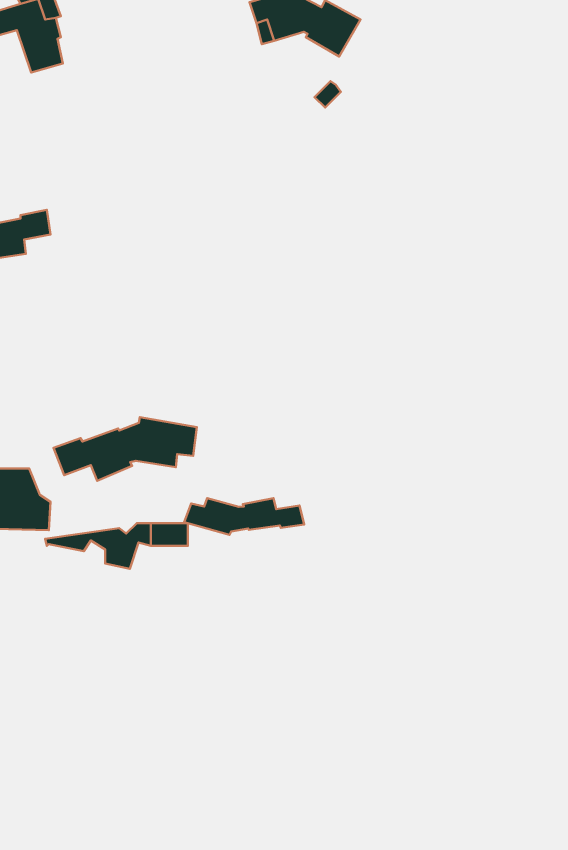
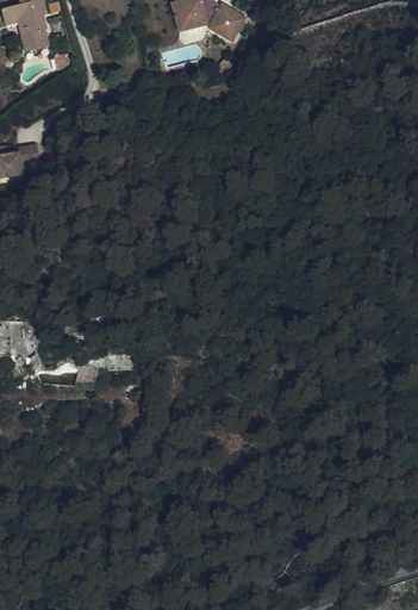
building: [54,417,197,481] -> none
building: [184,498,304,535] -> none

